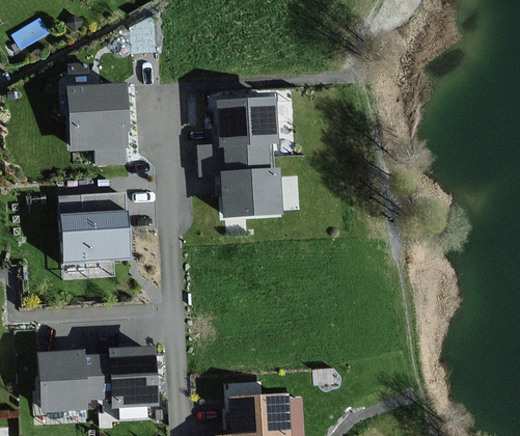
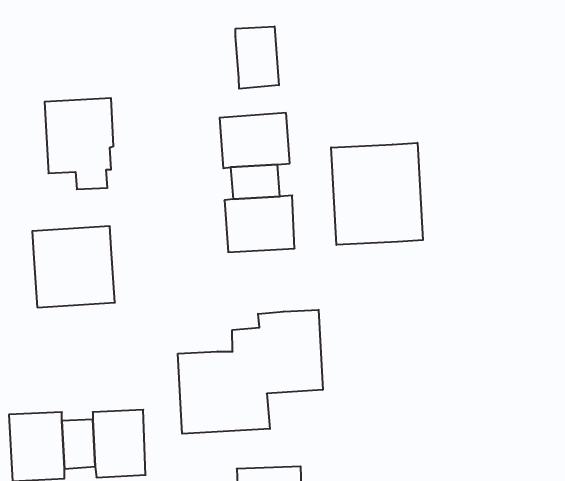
building: none -> [236,26,279,89]
building: none -> [331,143,423,245]
building: none -> [178,310,323,434]

